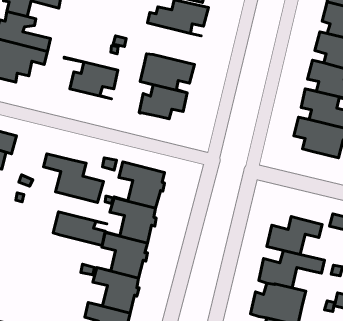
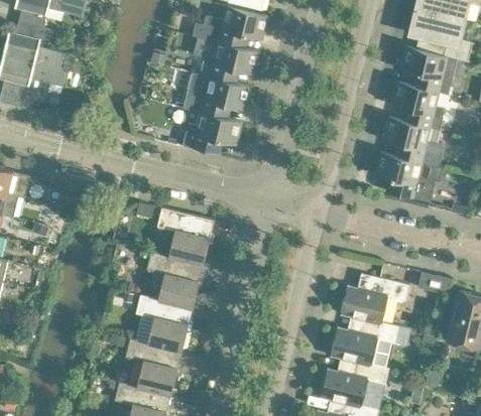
building: [64,57,118,99] -> [193,35,259,87]
building: [44,154,103,203] -> none
building: [53,212,107,246] -> none

